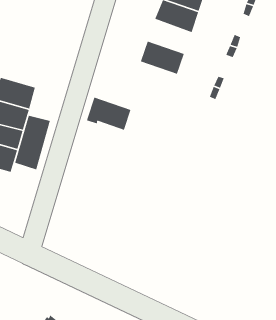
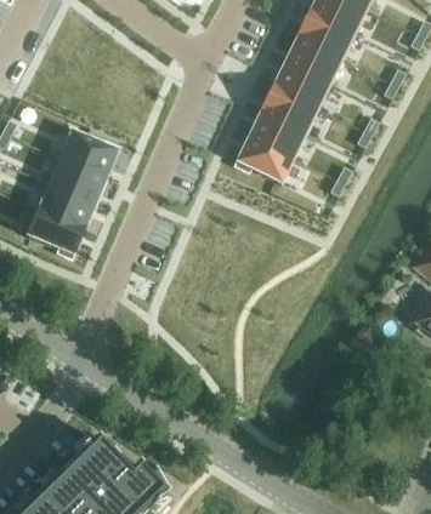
building: none -> [261,84,318,131]
building: [86,97,132,131] -> [236,135,294,182]
building: [14,115,51,170] -> none

